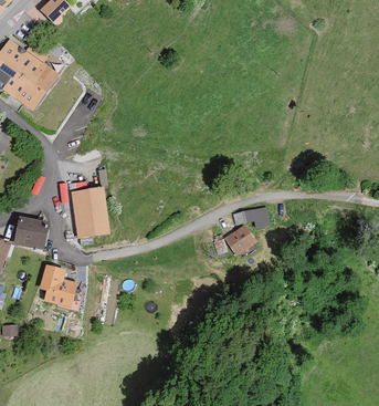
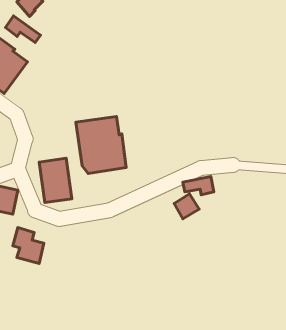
building: none -> [5,16,40,43]
building: none -> [76,116,126,173]

